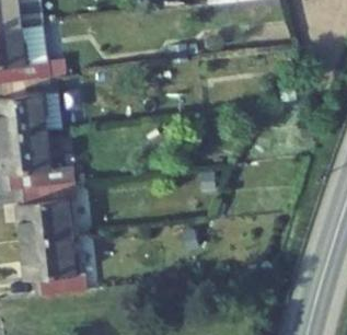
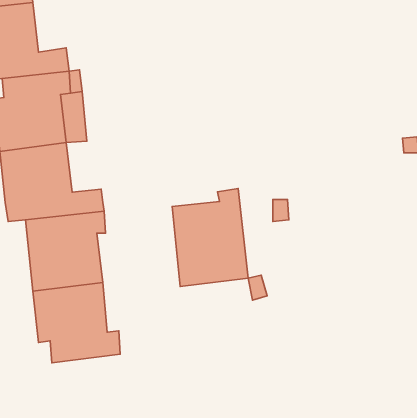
building: none -> [172,188,248,287]

